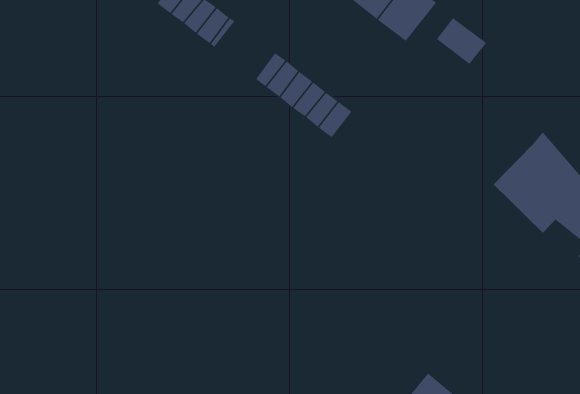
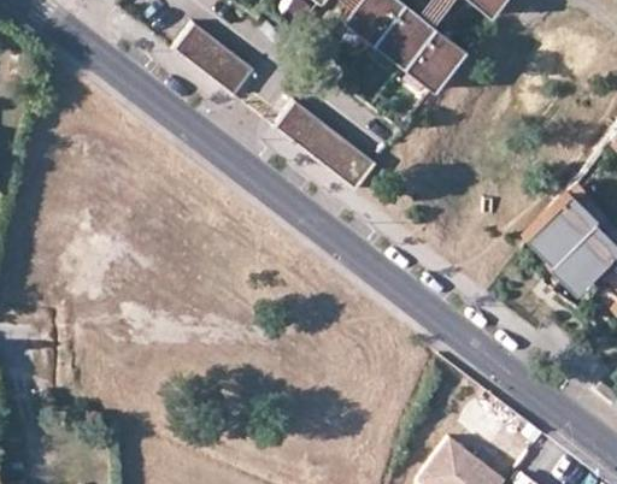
building: [436,17,487,65] -> none

